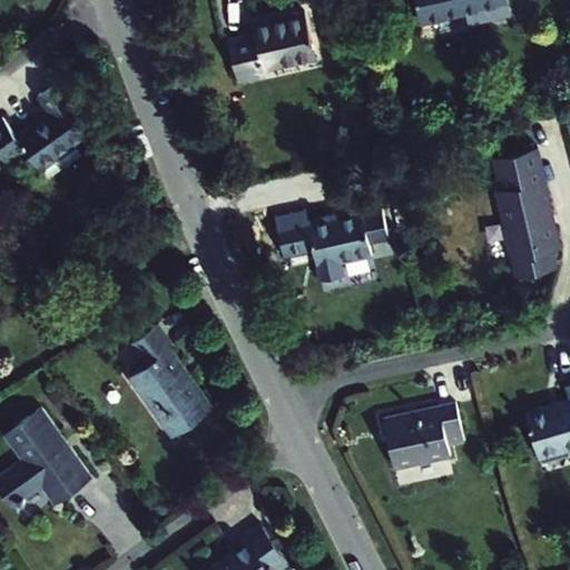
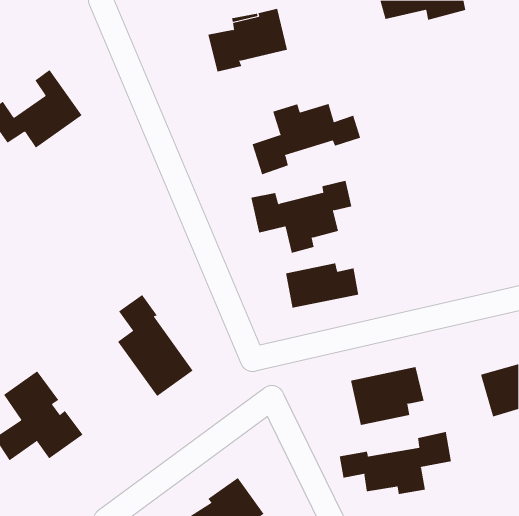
building: none -> [252,103,361,175]
building: [495,153,559,279] -> none
building: none -> [286,262,359,309]
building: none -> [339,431,452,495]

